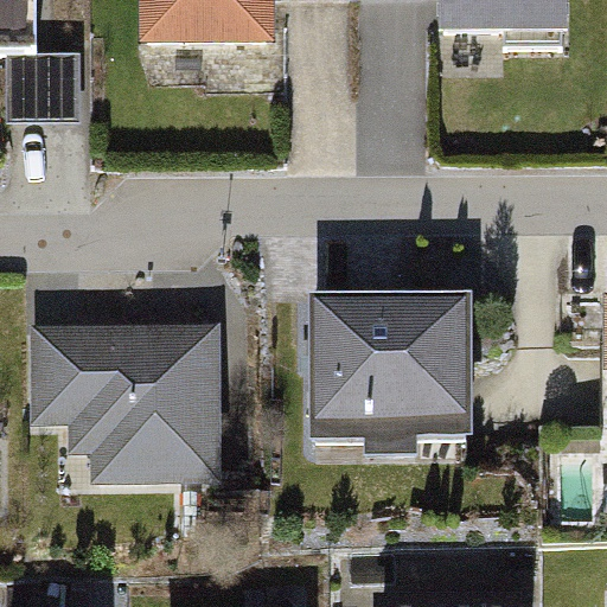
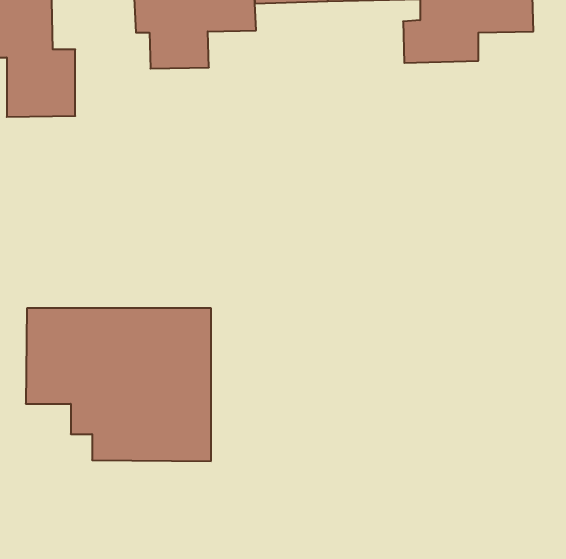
building: [305,286,466,448] -> none

